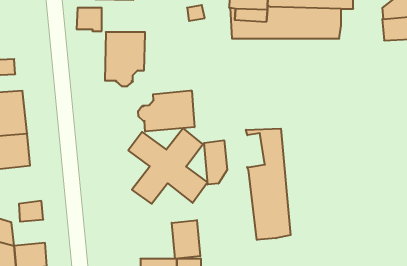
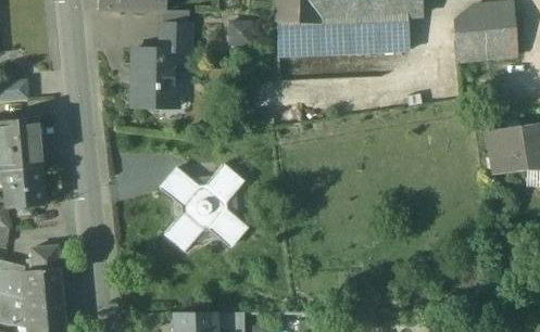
building: [77,8,102,31] -> [160,24,189,51]
building: [138,91,194,132] -> none
building: [246,129,291,240] -> none
building: [204,140,227,185] -> none
building: none -> [23,267,62,297]
building: [172,220,200,259] -> none

